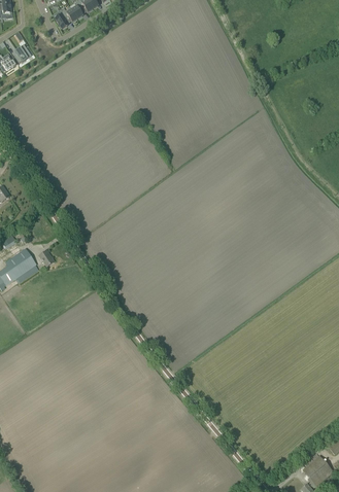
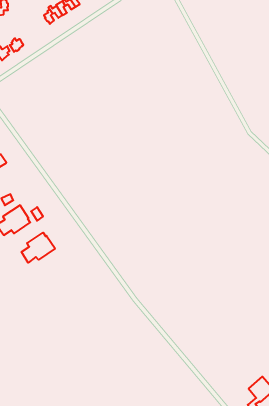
building: none -> [22,233,55,263]

